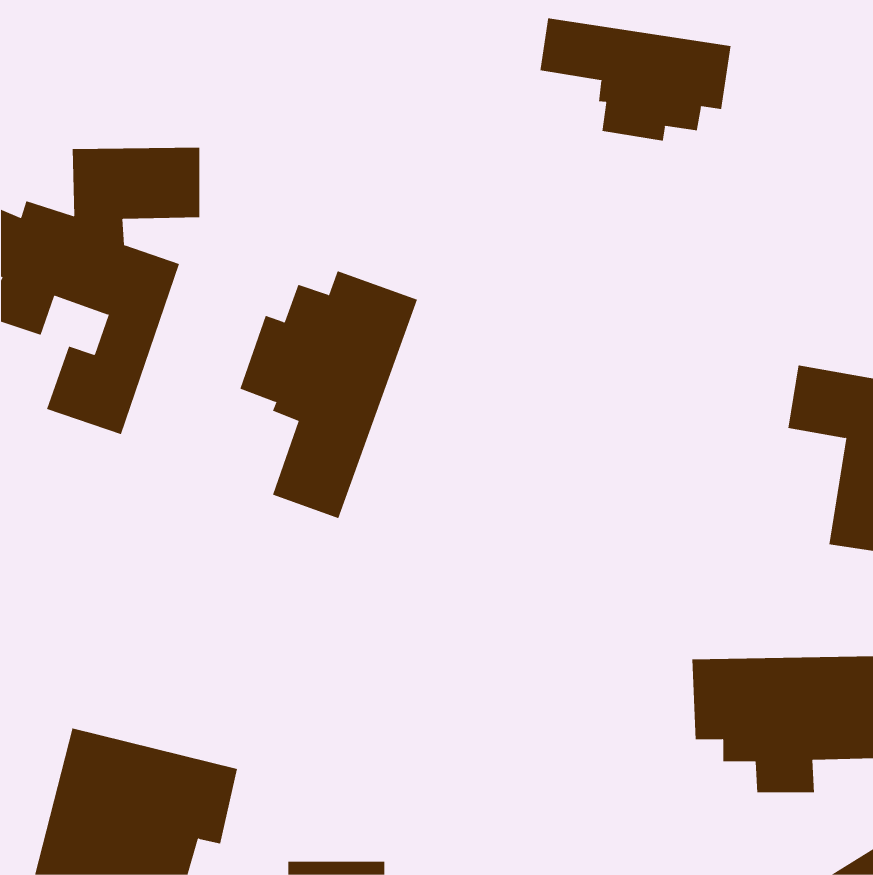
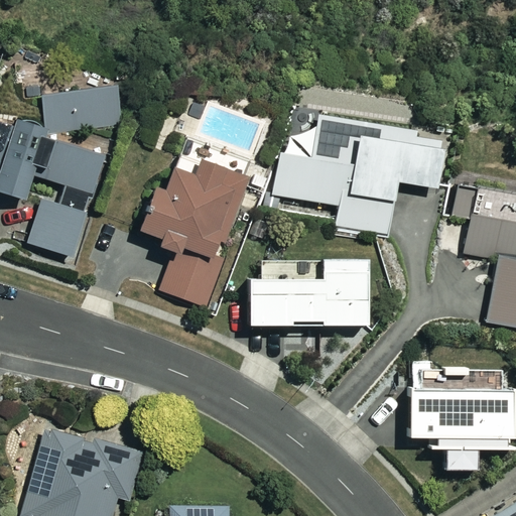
building: [540,17,731,142] -> none
building: none -> [274,115,444,235]
building: none -> [250,261,371,326]

